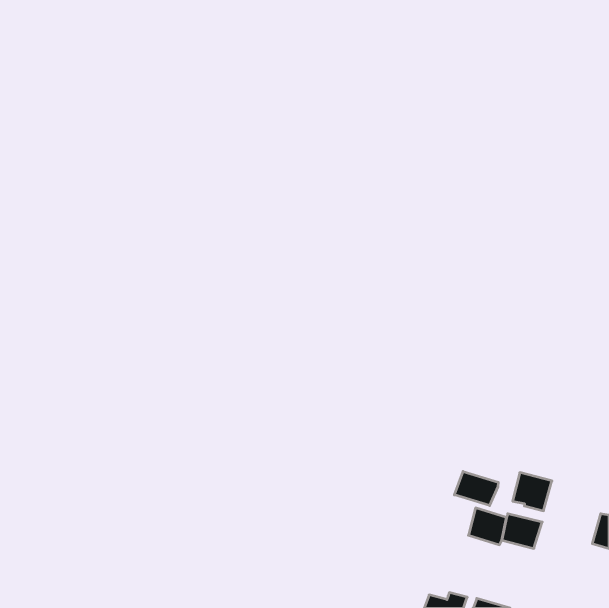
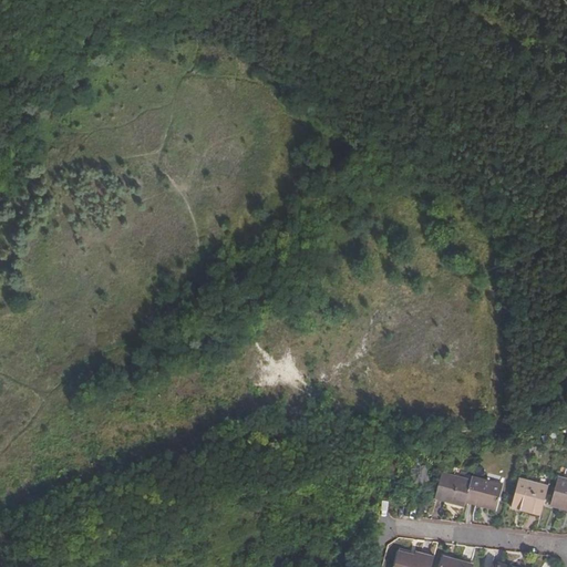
building: [454,471,498,506] -> none
building: [513,473,552,511] -> [513,478,549,514]

